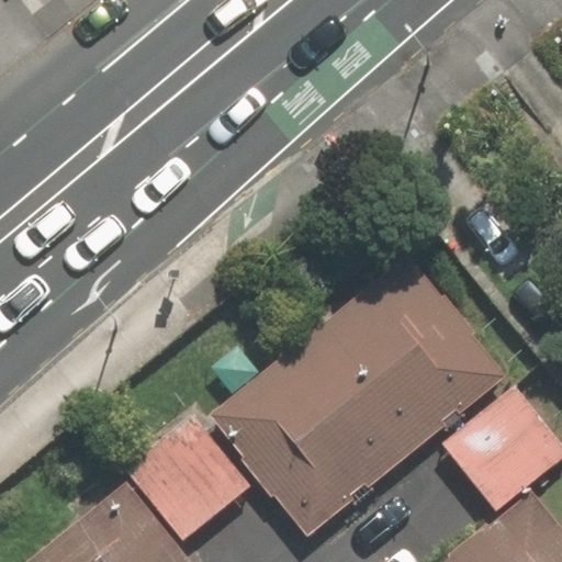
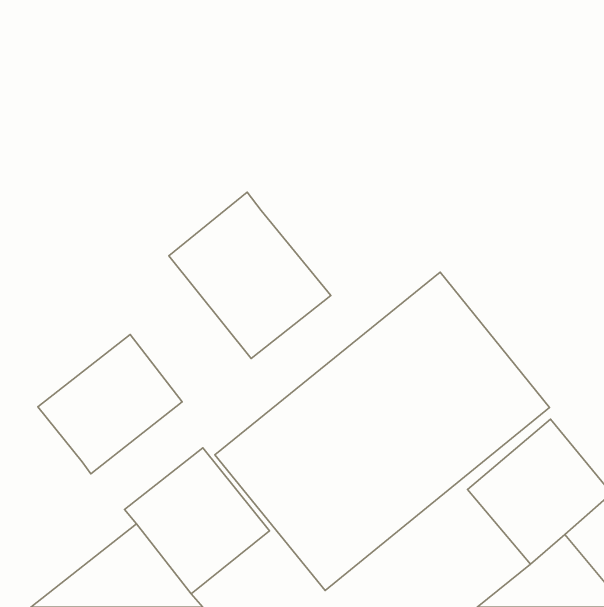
building: none -> [169,192,331,359]
building: none -> [38,335,182,474]

